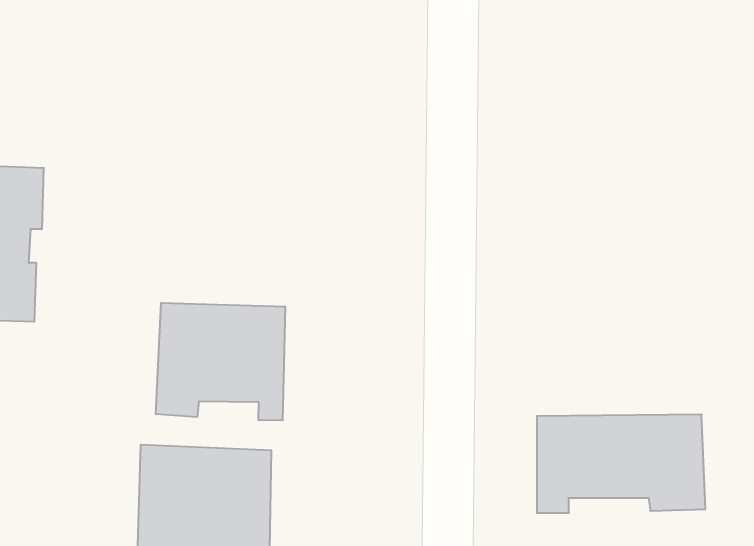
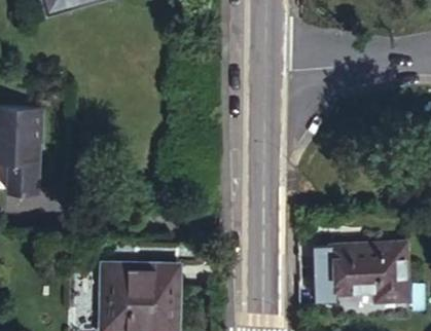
building: [156,303,285,420] -> none

